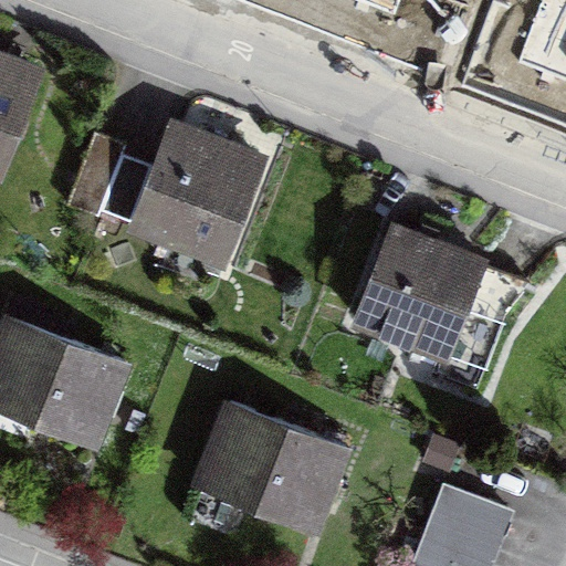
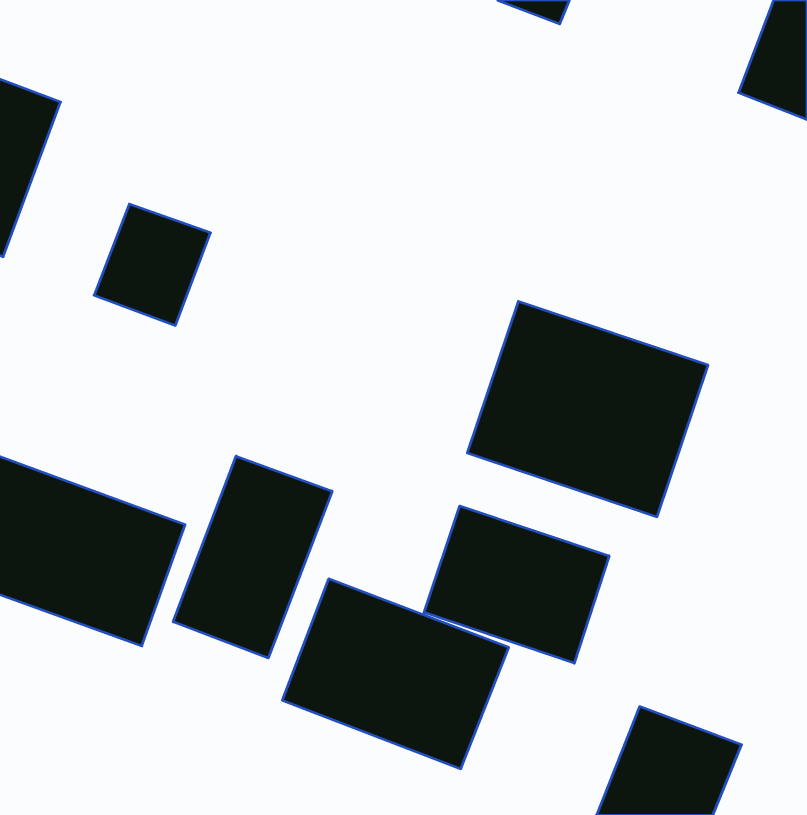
building: [130,123,277,274] -> none
building: none -> [173,456,332,658]
building: none -> [424,506,609,663]

